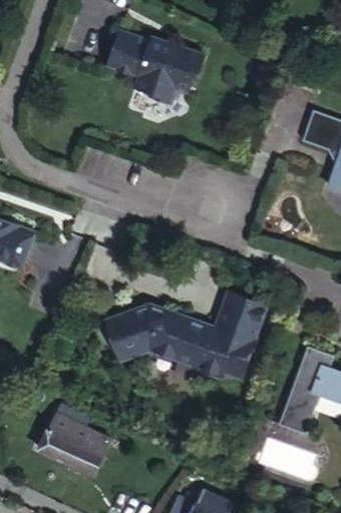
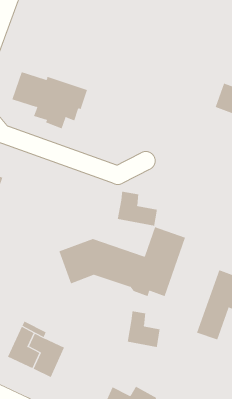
building: [108,30,204,102] -> [12,71,88,129]
building: none -> [117,191,157,226]
building: none -> [127,311,160,348]

